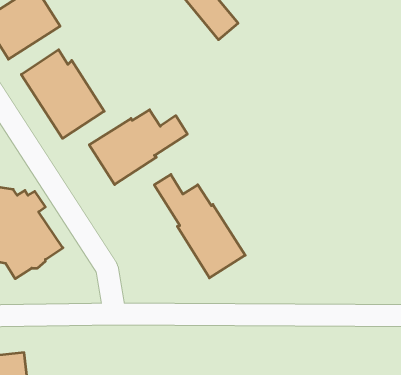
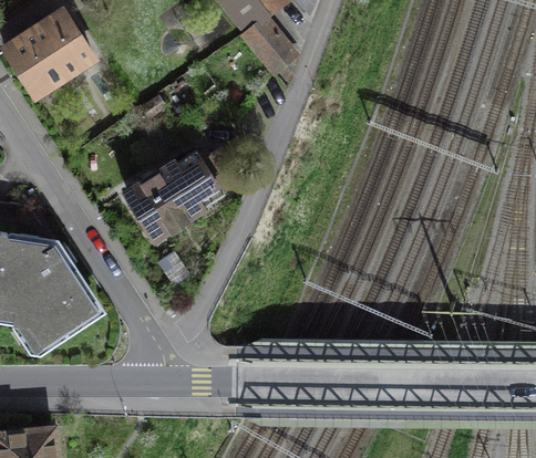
building: [21,50,104,138] -> none
building: [154,174,245,278] -> none

